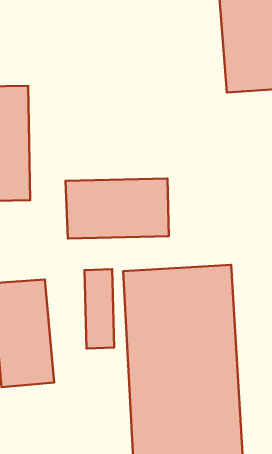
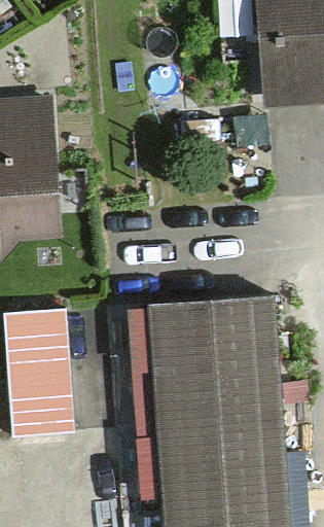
building: [65,179,169,239] -> none

